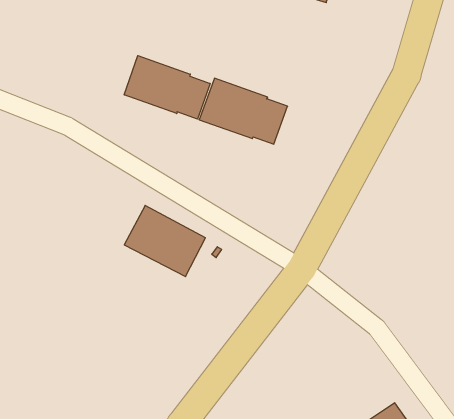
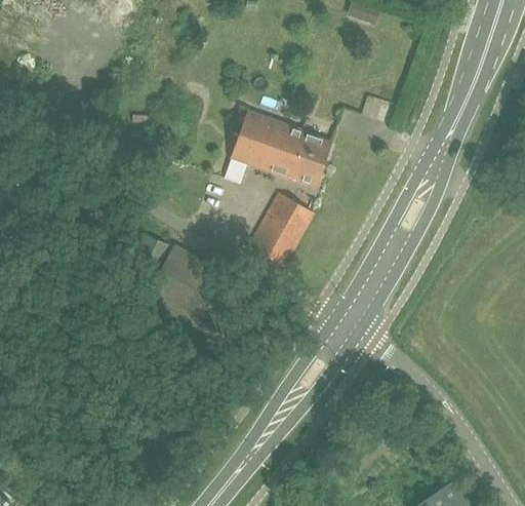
building: [124,56,210,119] -> none
building: none -> [250,193,314,264]

